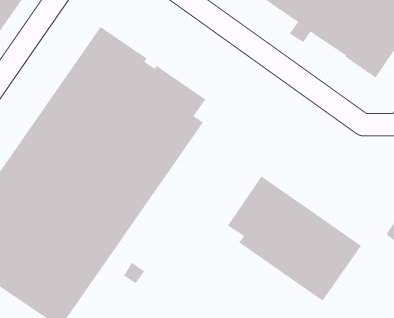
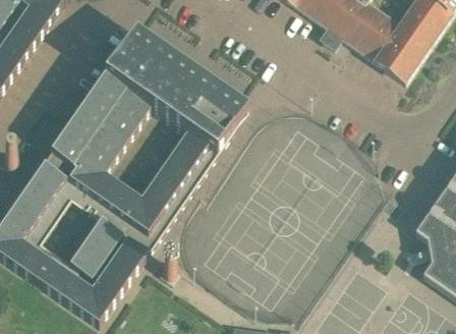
building: [227,176,362,301] -> none

